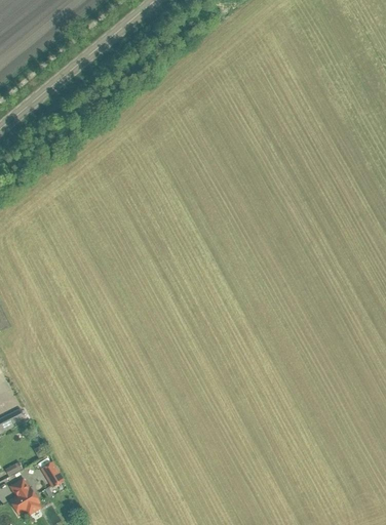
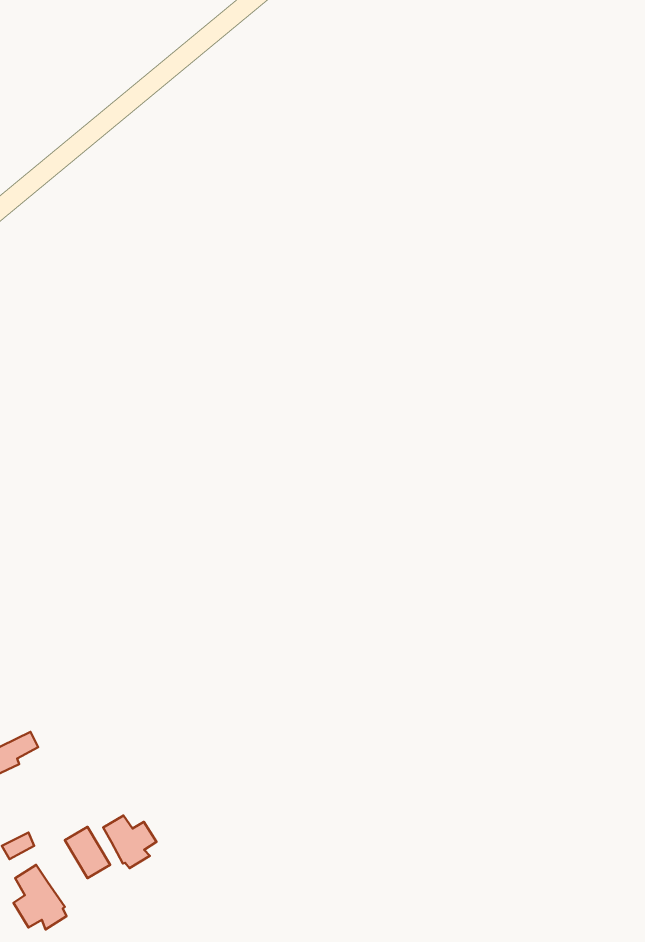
building: none -> [103,815,156,868]

